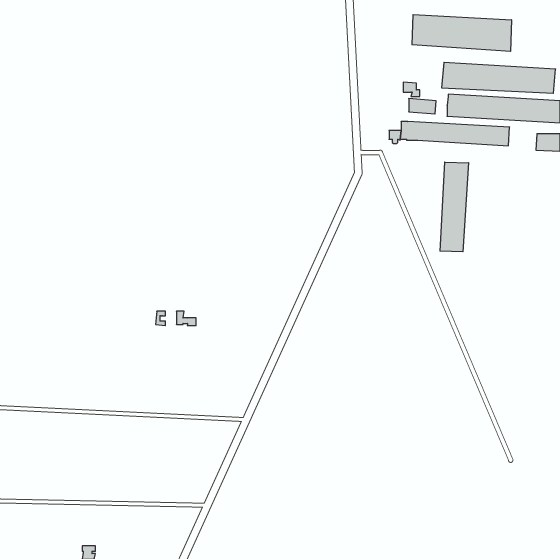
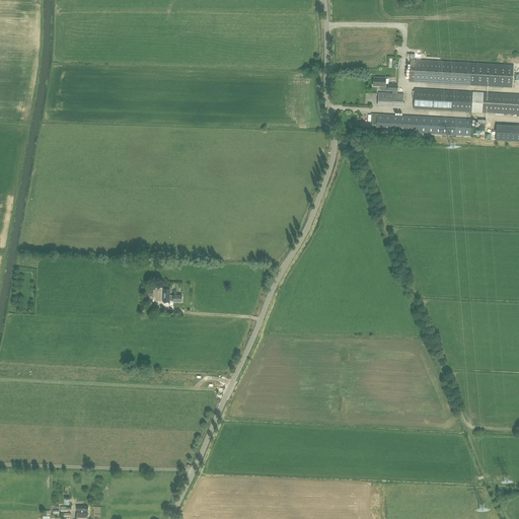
building: [412,15,511,51] -> none
building: [440,162,469,252] -> none

